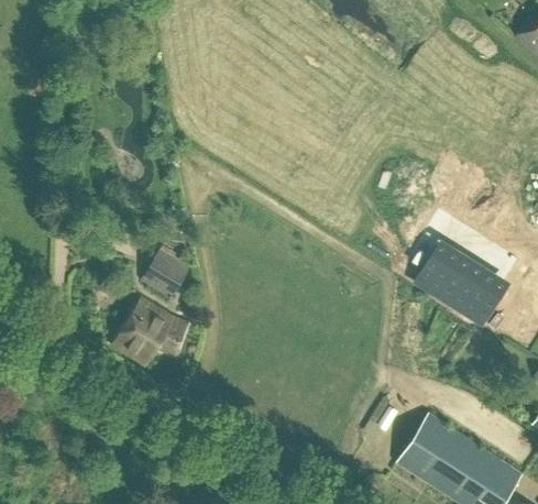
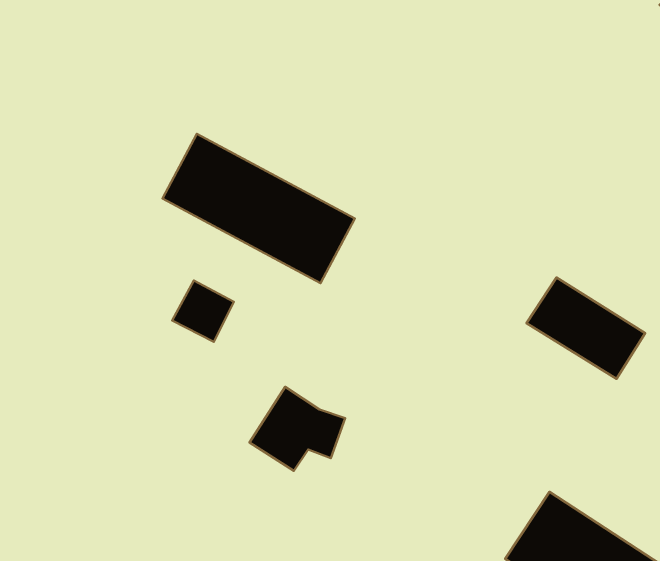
building: none -> [162,134,355,283]
building: [113,299,187,364] -> [249,387,345,471]

